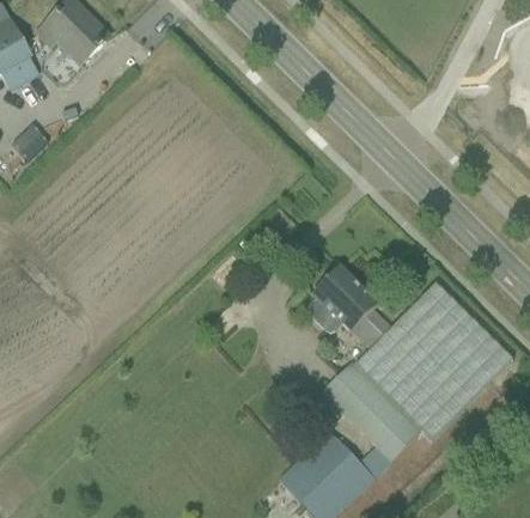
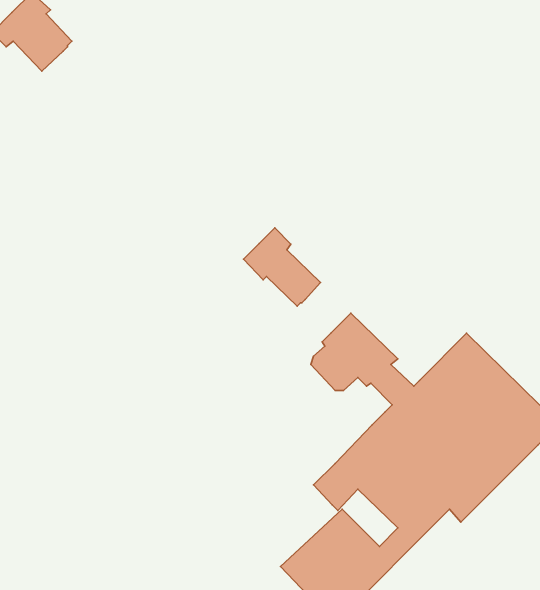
building: none -> [244,228,320,306]

